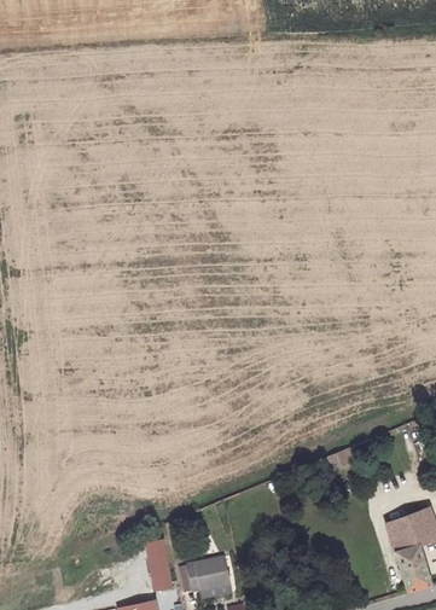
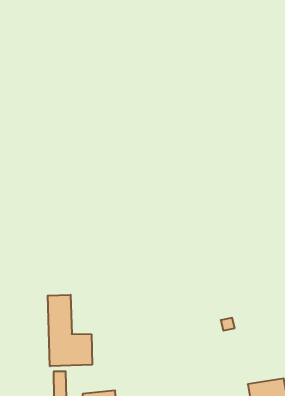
building: none -> [48,295,92,366]

